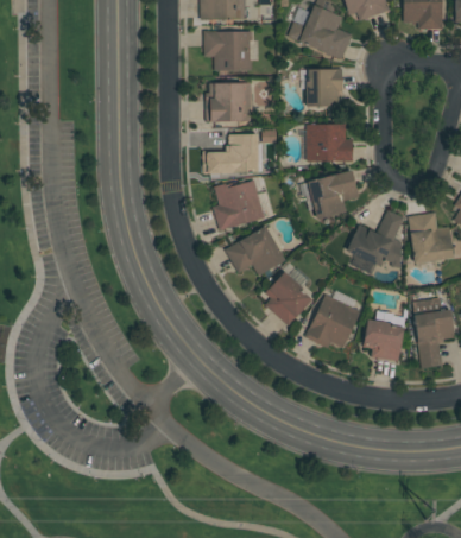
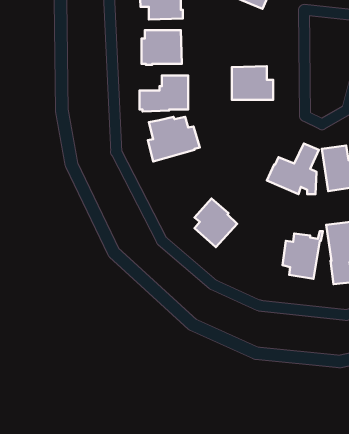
building: [305,69,342,107] -> none
building: [307,170,359,220] -> none
building: [225,226,285,276] -> none
building: [304,295,360,348] -> none

